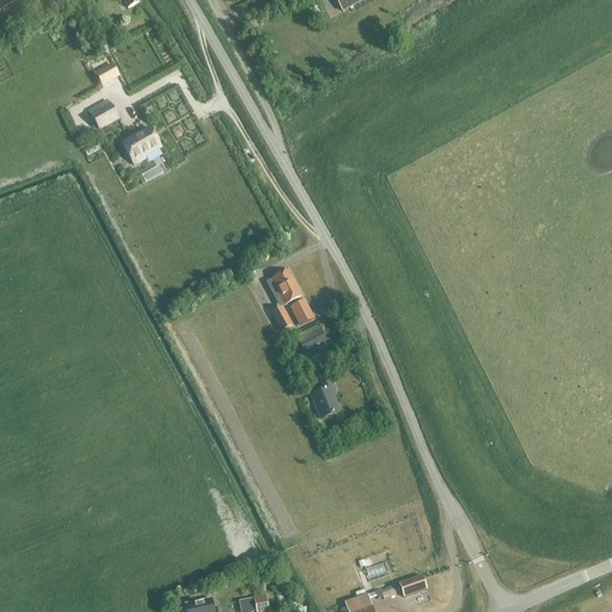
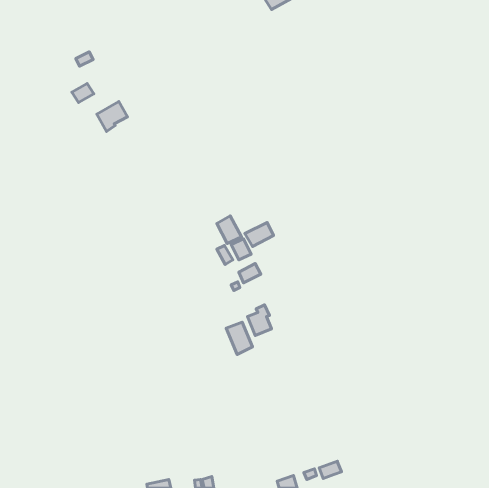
building: none -> [245,222,273,247]
building: none -> [226,322,253,354]

